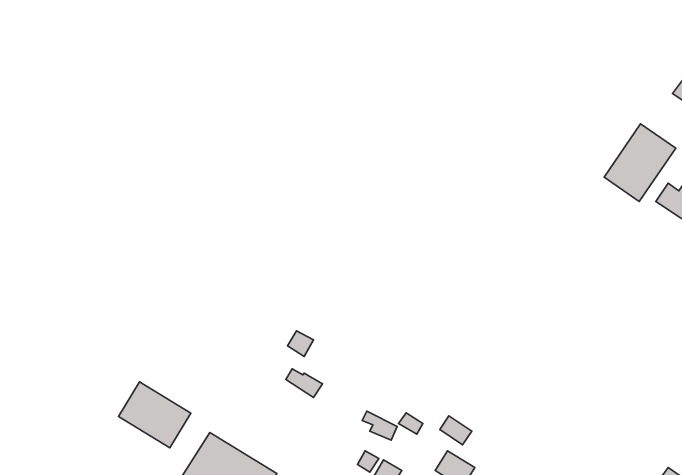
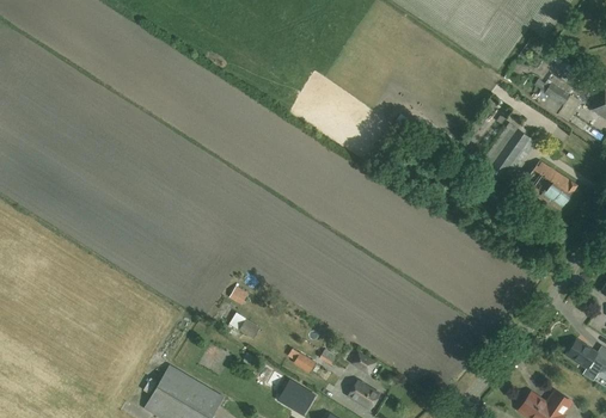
building: [119,382,191,448] -> none

